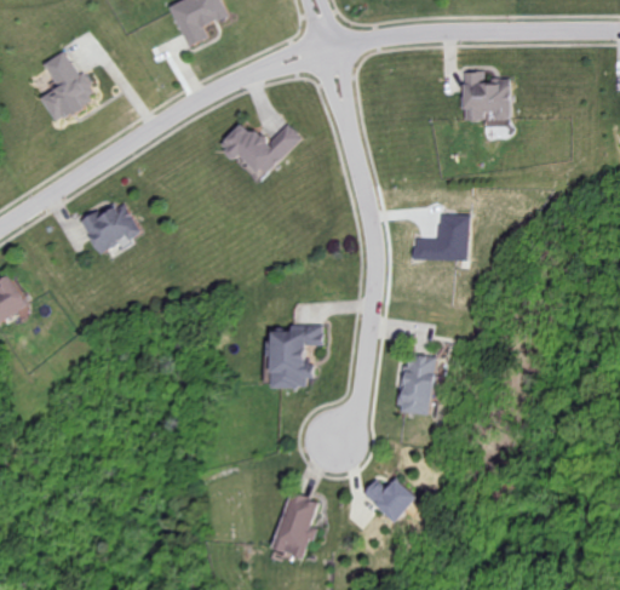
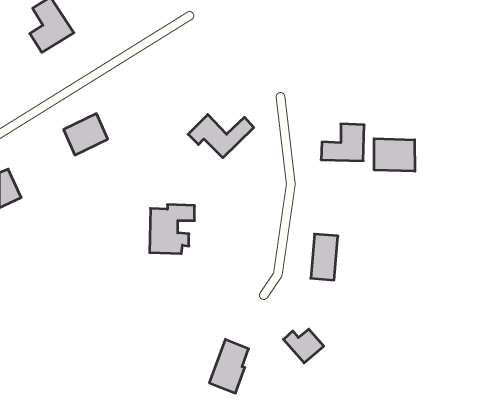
building: [463,71,509,120] -> none
building: [217,120,302,176] -> [188,114,254,158]
building: none -> [374,139,415,171]
building: [265,325,323,388] -> [150,205,195,254]

